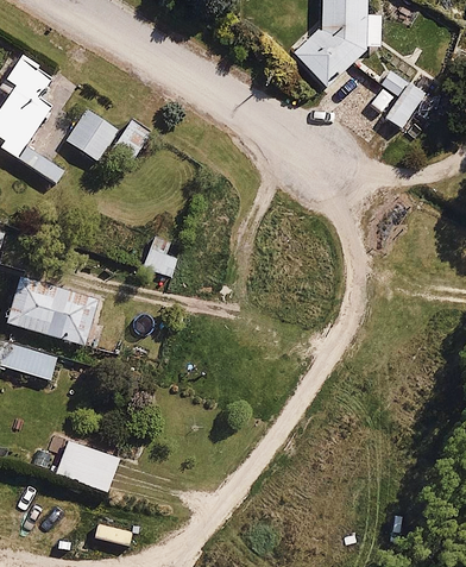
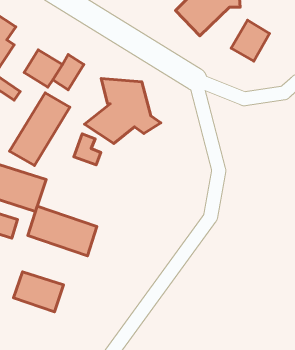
building: none -> [84,79,161,144]
building: none -> [10,93,70,165]
building: none -> [28,206,97,256]

